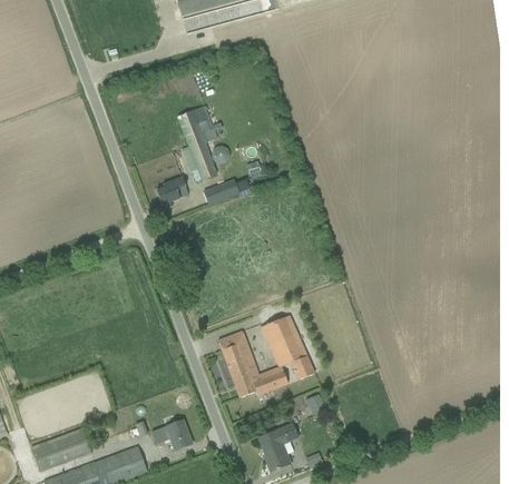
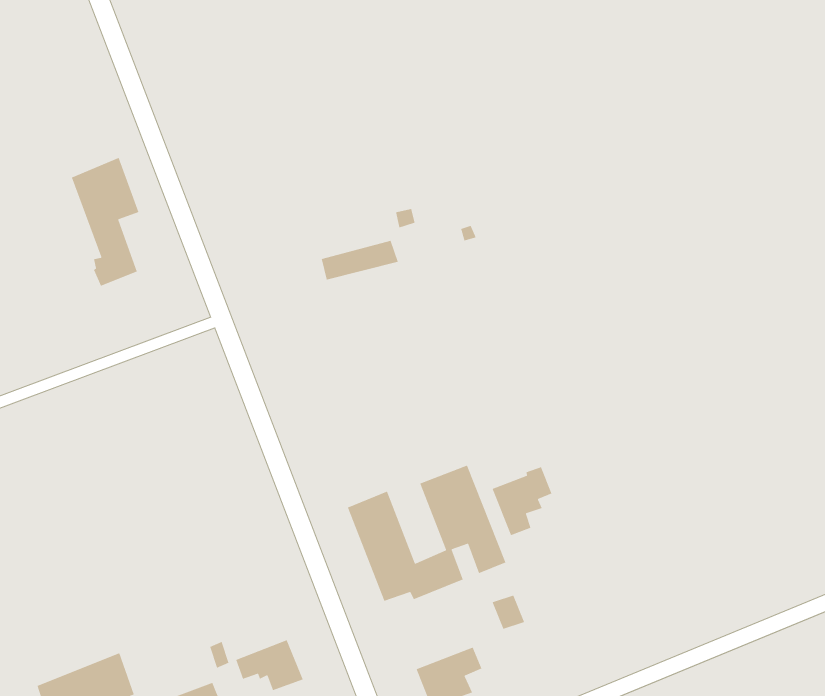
building: [176,105,217,182] -> [71,157,140,287]
building: [156,176,187,205] -> none
building: none -> [492,466,552,536]

